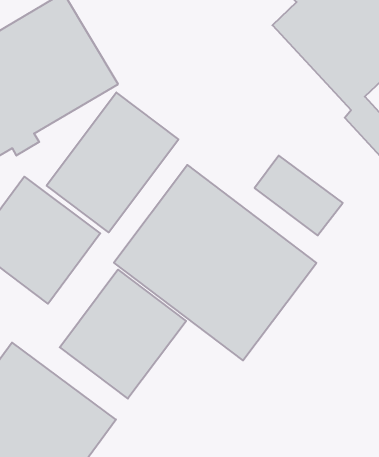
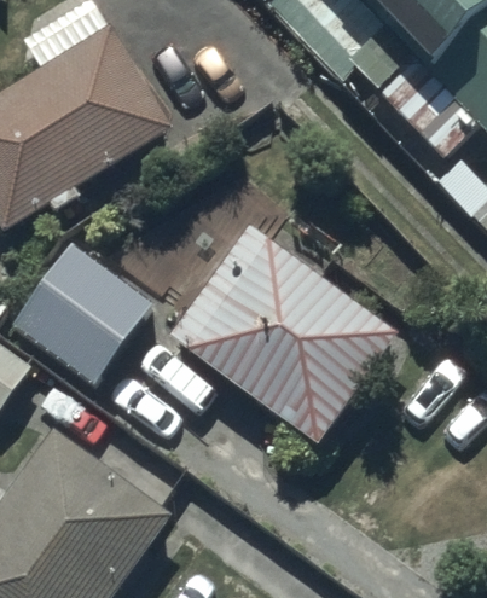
building: [47,92,178,232] -> none
building: [60,270,186,399] -> none

